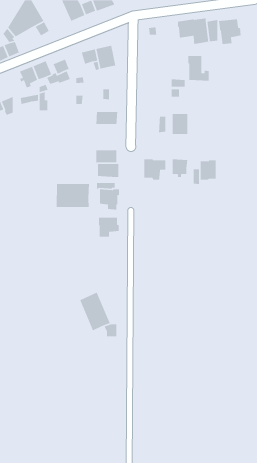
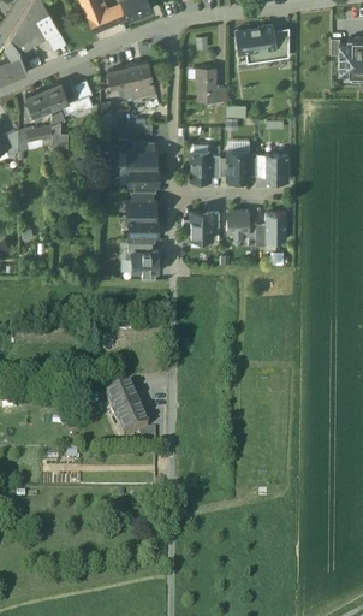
building: [218,18,242,45] -> none
building: [188,55,209,82] -> [196,66,225,101]
building: none -> [191,150,210,179]
building: none -> [263,154,287,179]
building: none -> [129,166,157,184]
building: [56,183,90,208] -> none
building: [98,217,120,237] -> none

